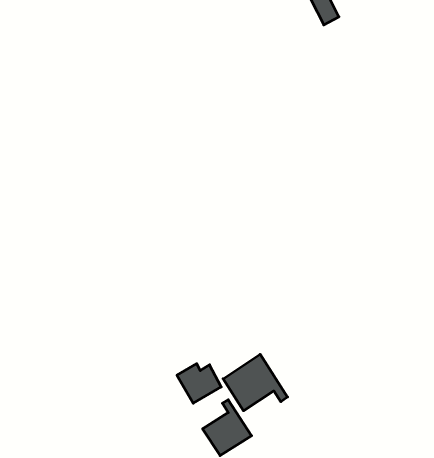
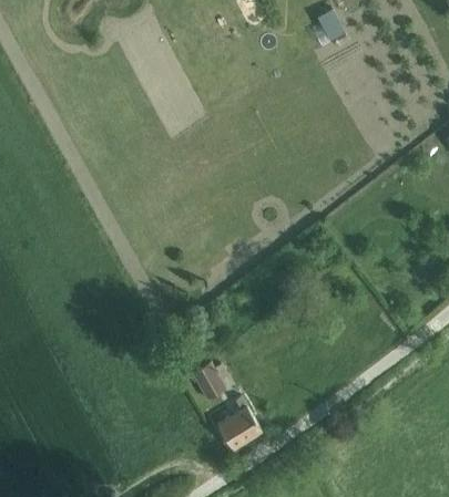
building: [223,354,288,411] -> none

